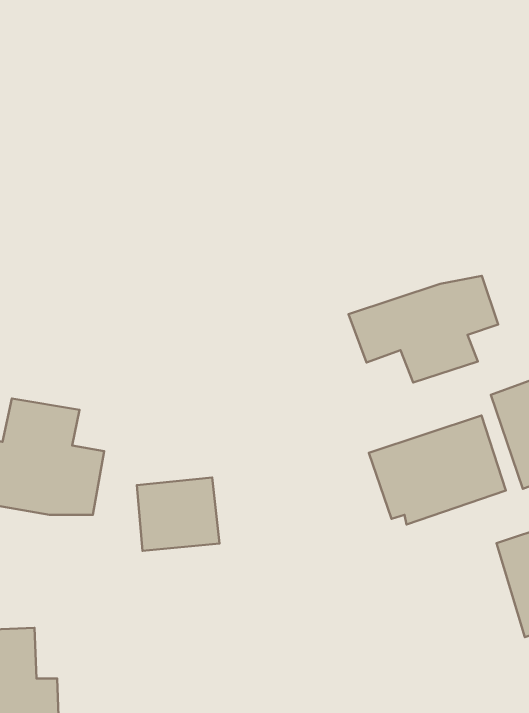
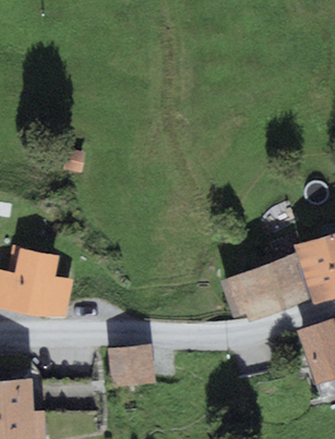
building: [349,276,498,383] -> none
building: [137,478,220,551] -> [106,344,154,387]

